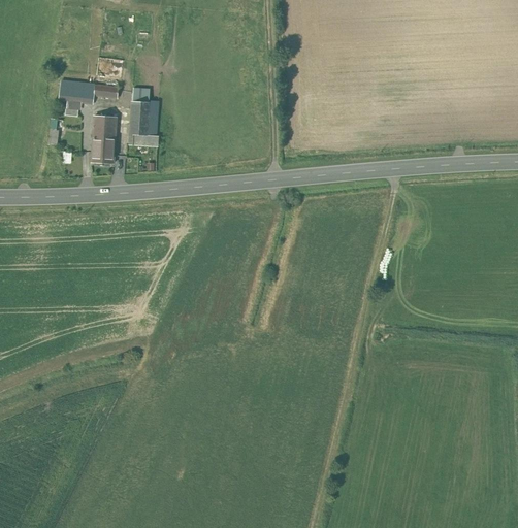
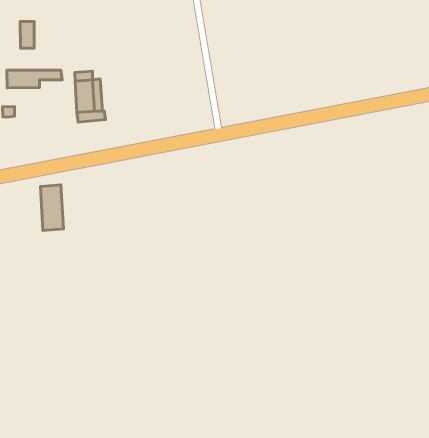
building: none -> [20,21,34,48]
building: [91,114,116,162] -> [40,185,63,230]

